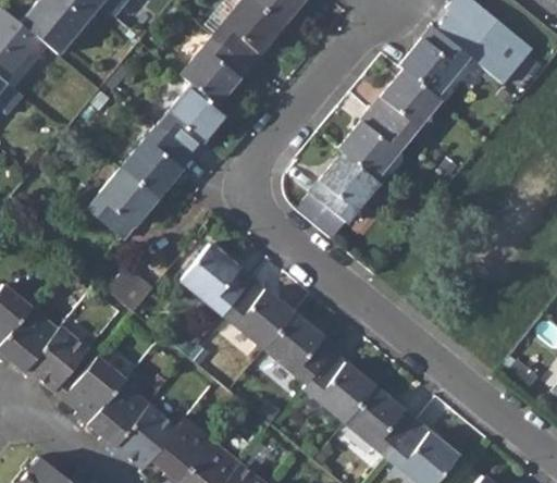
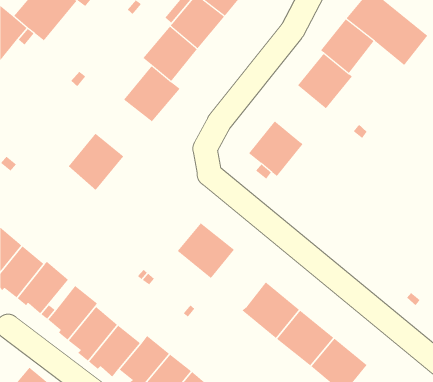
building: [339,110,408,190] -> none
building: [122,127,193,198] -> none
building: [182,245,252,314] -> none
building: [108,268,153,312] -> none
building: [265,313,337,384] -> none

